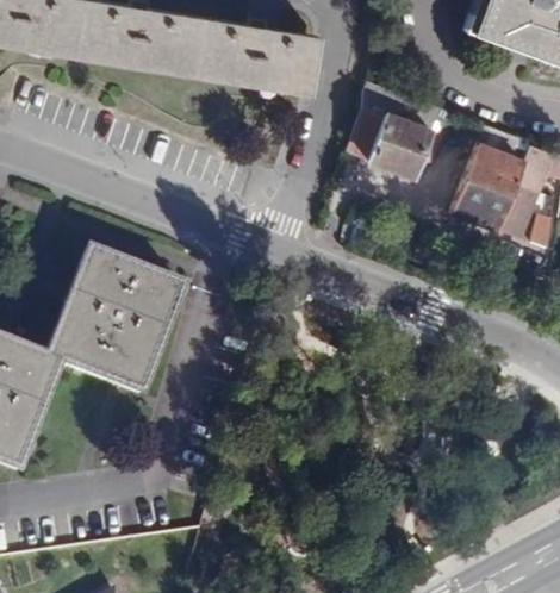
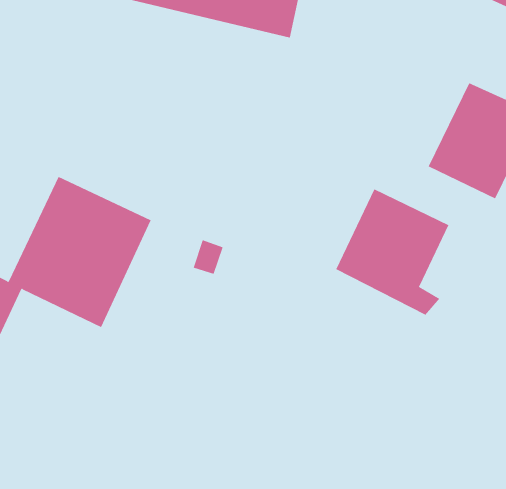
building: [349,82,450,179] -> none
building: none -> [335,188,449,316]

